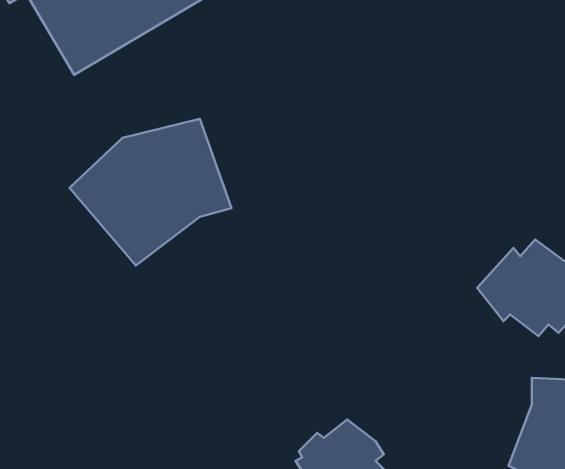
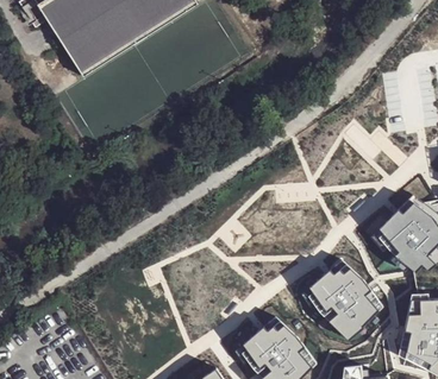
building: [69,119,231,266] -> none
building: none -> [304,259,378,339]

